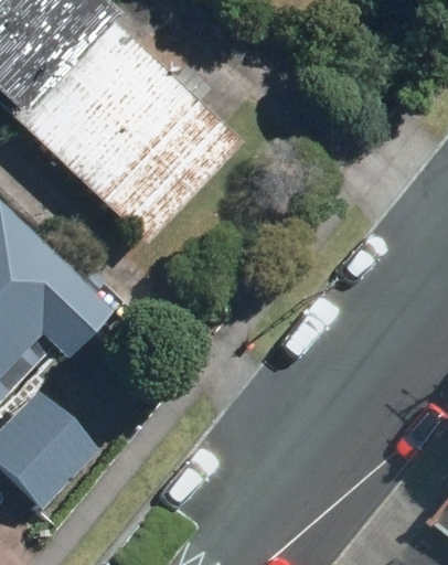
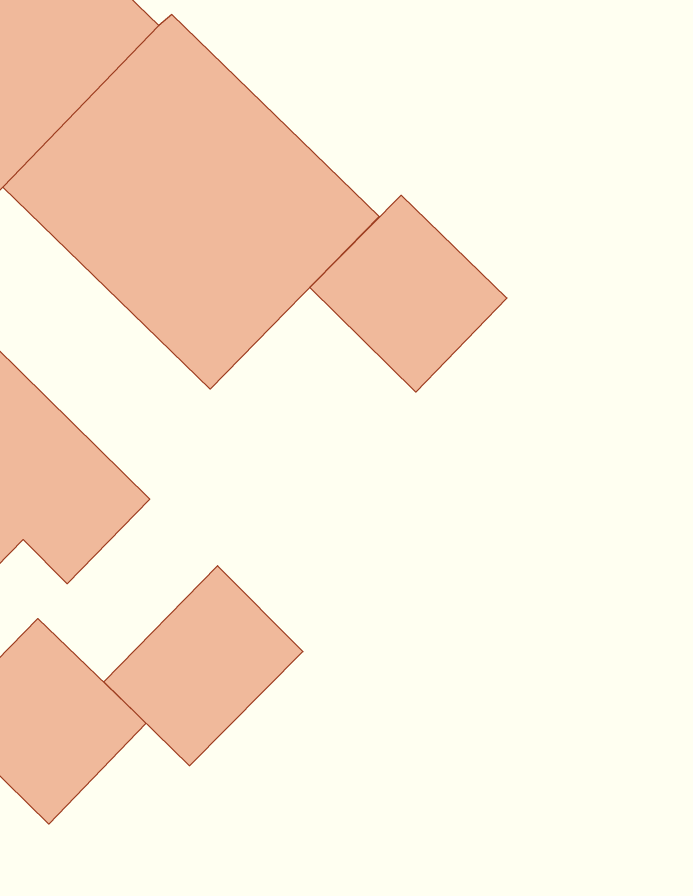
building: none -> [310,195,507,392]
building: none -> [104,566,303,766]

